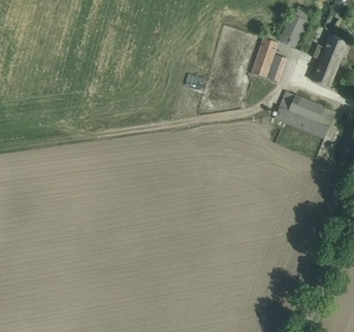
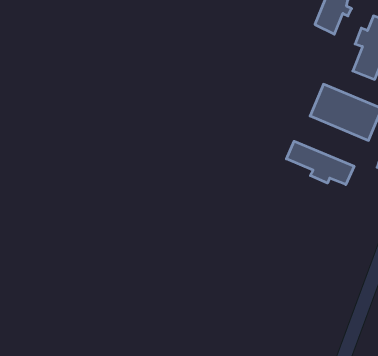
building: [251,37,287,82] -> none
building: none -> [286,141,354,185]

